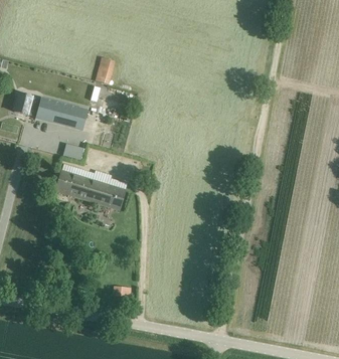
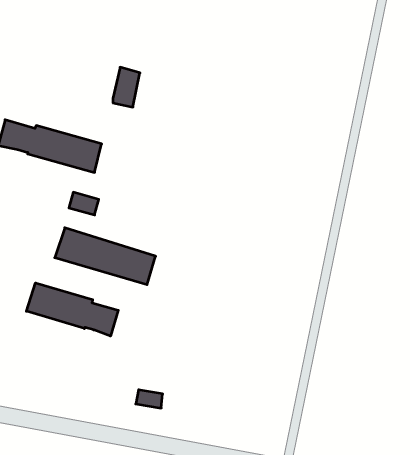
building: none -> [26,283,118,336]

